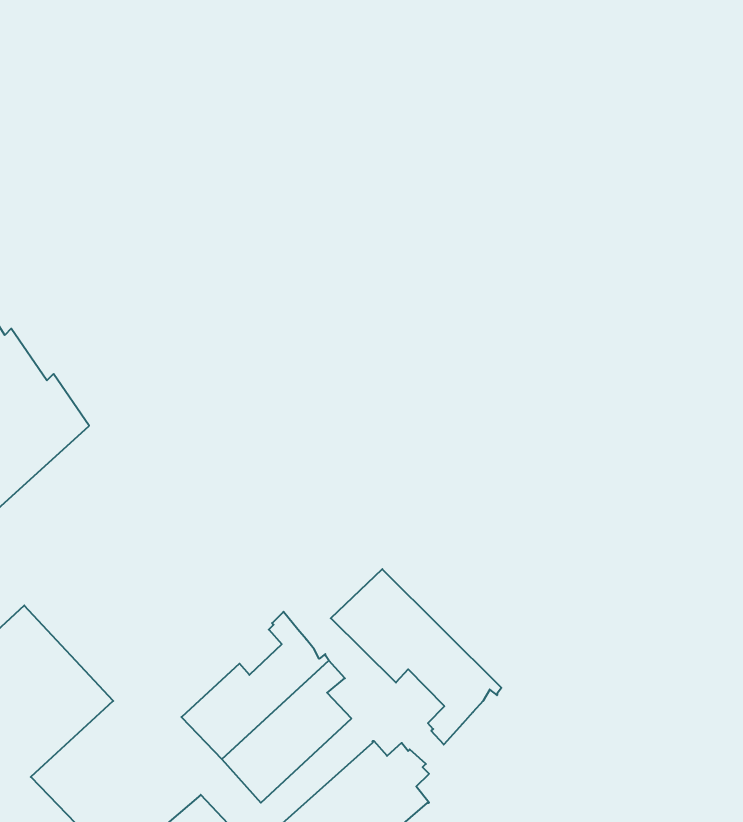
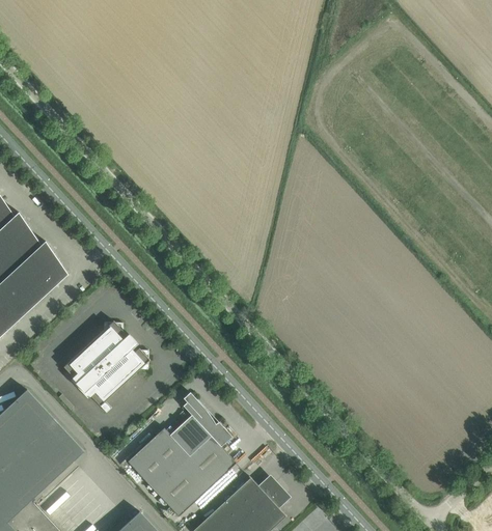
building: none -> [63,320,149,406]
building: [331,569,501,745] -> none

